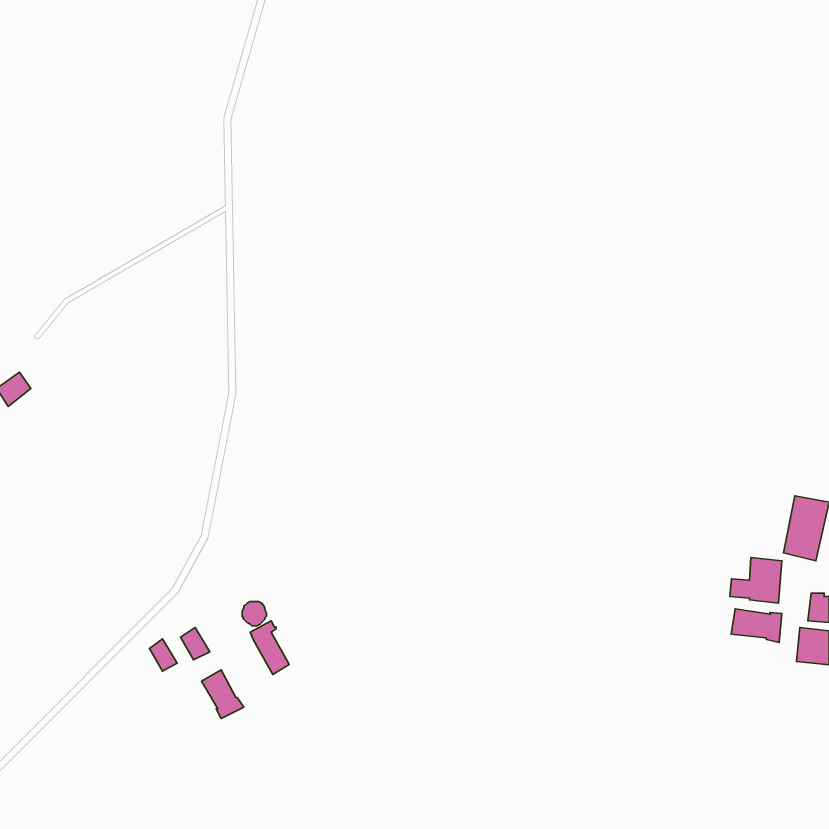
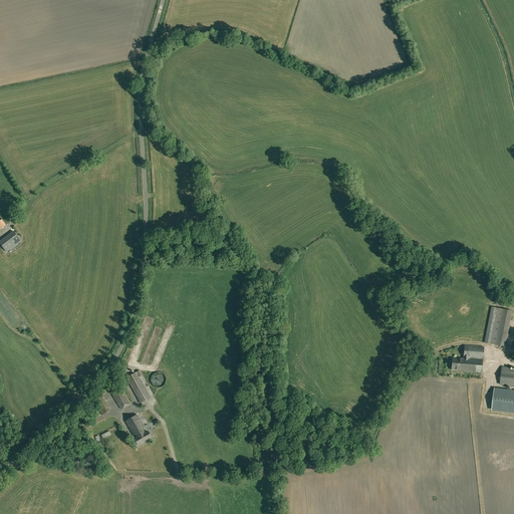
building: [731,609,782,642] -> none
building: [250,621,289,674] -> [125,369,150,403]

